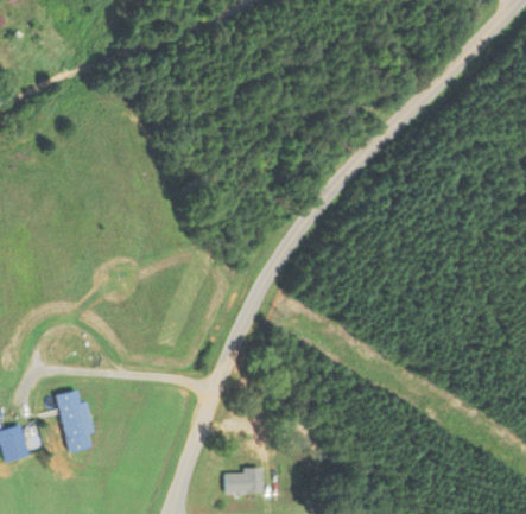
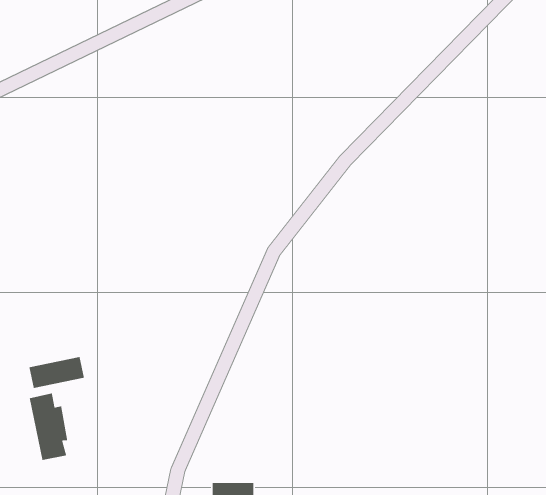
building: none -> [28,356,85,389]

